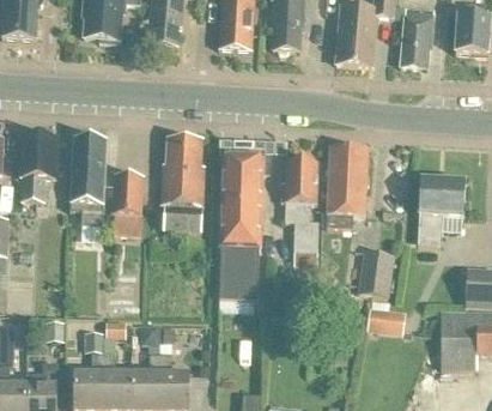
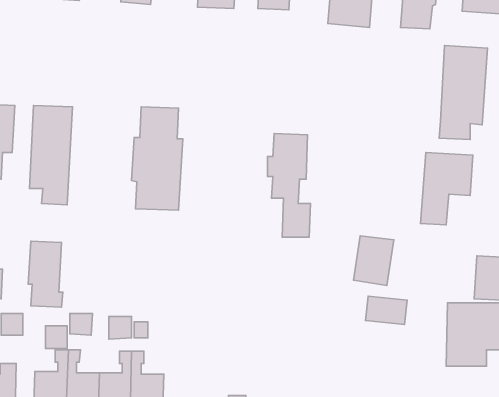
building: [326,143,369,226] -> [439,45,488,139]
building: [219,145,268,300] -> none
building: [113,173,144,231] -> [28,241,63,307]

